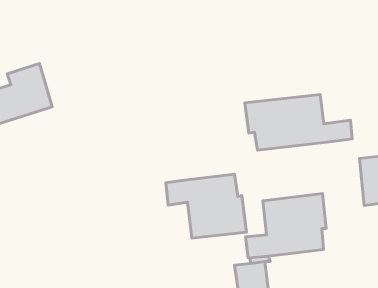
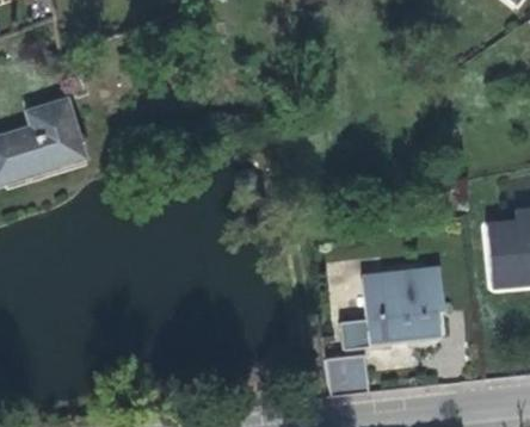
building: [245,95,352,150] -> none
building: [166,174,246,238] -> none

